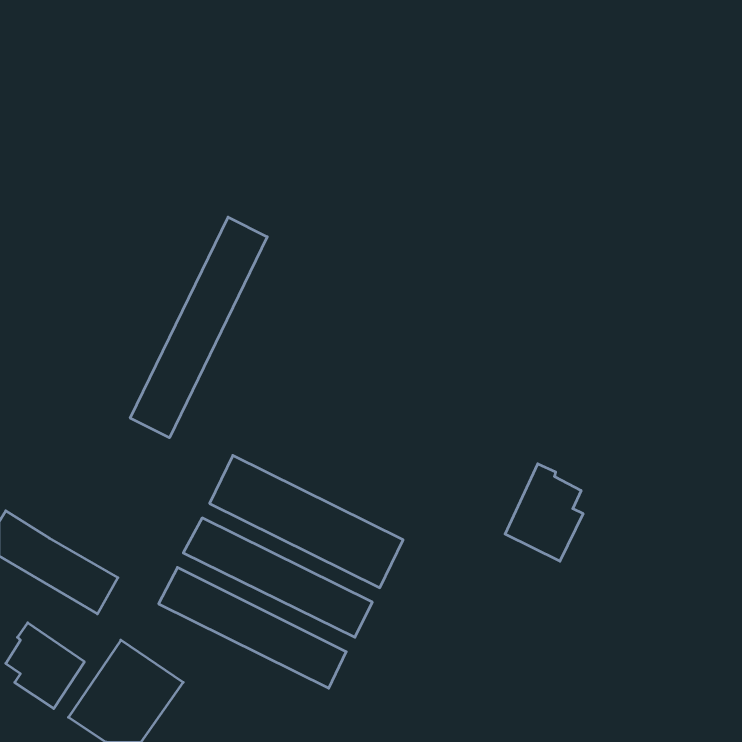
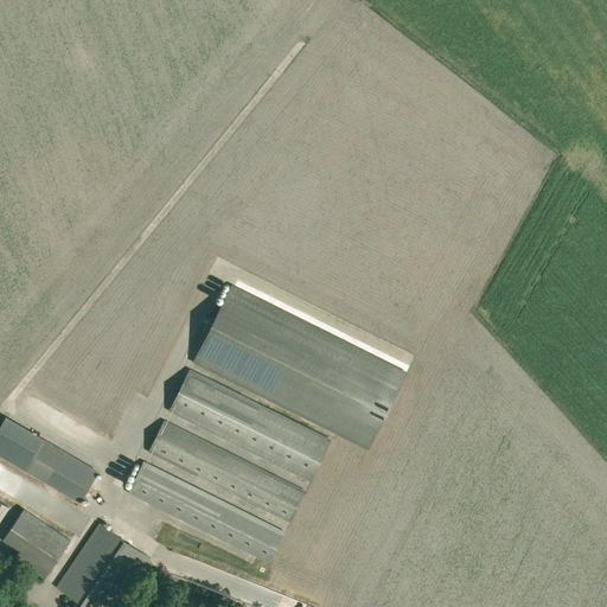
building: [130,217,267,438] -> none
building: none -> [194,286,404,446]
building: [505,464,583,561] -> none

